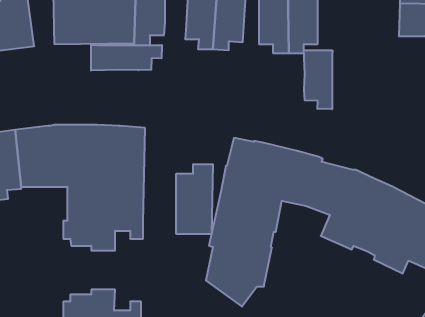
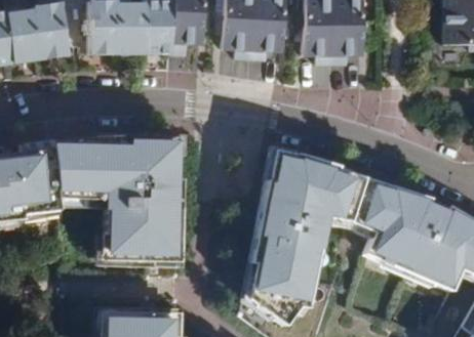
building: [91,45,162,71] -> none
building: [304,50,332,109] -> none
building: [176,164,213,234] -> none

